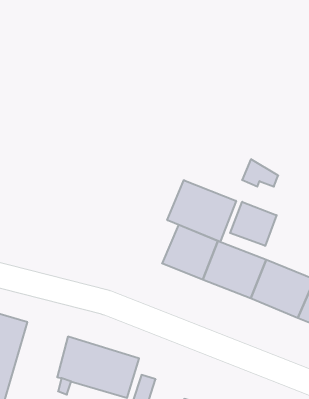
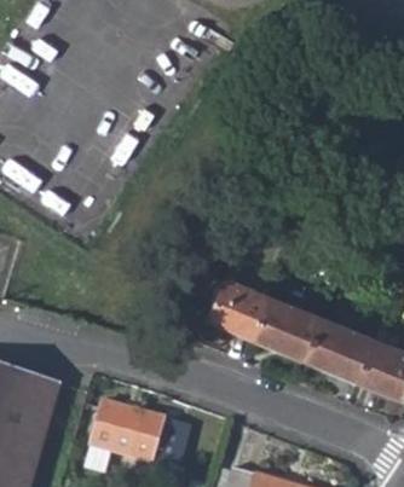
building: [167,180,236,242] -> none
building: [230,202,277,246] -> none

